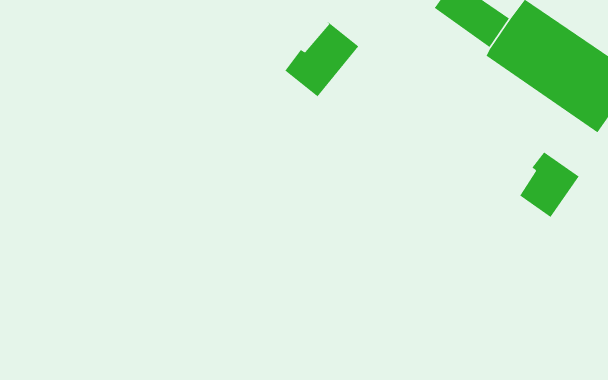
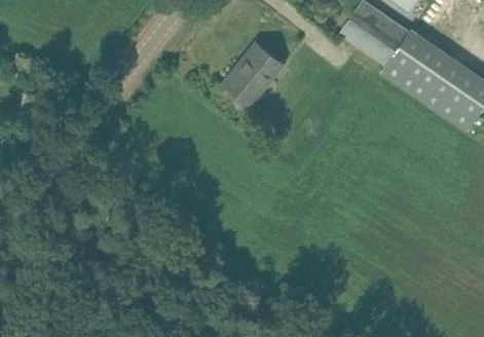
building: [515,151,579,218] -> none

